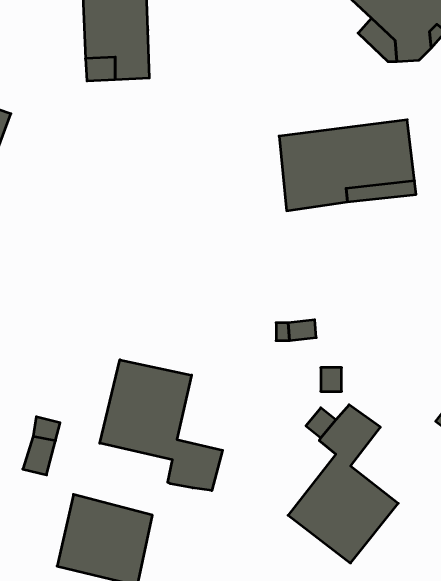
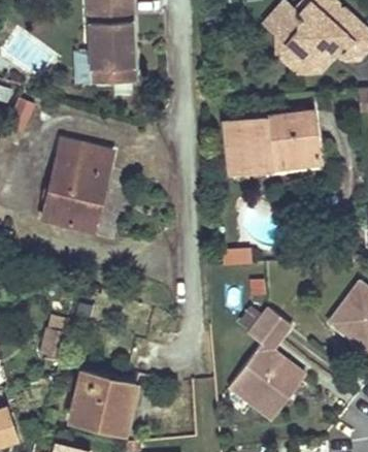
building: none -> [42,139,113,229]
building: [100,360,223,491] -> none

